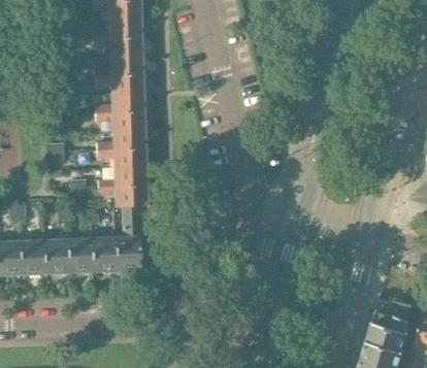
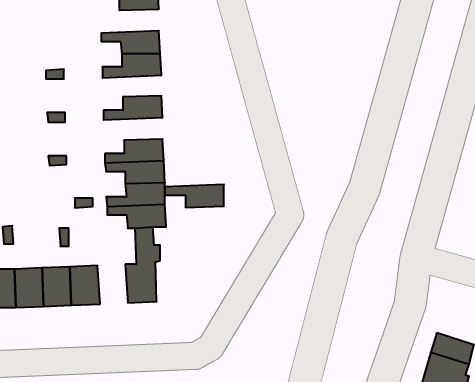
building: [92,19,142,39] -> none
building: [94,75,144,94] -> none
building: [95,111,145,131] -> [165,184,224,207]
building: [90,237,116,271] -> none

